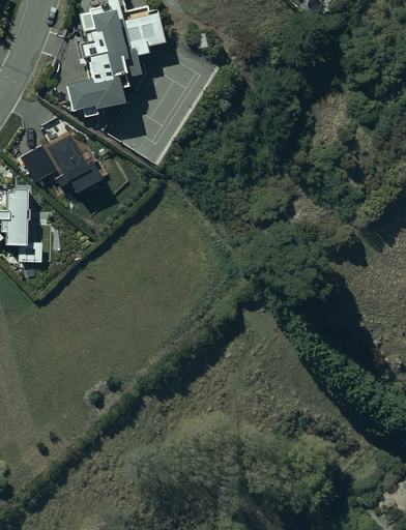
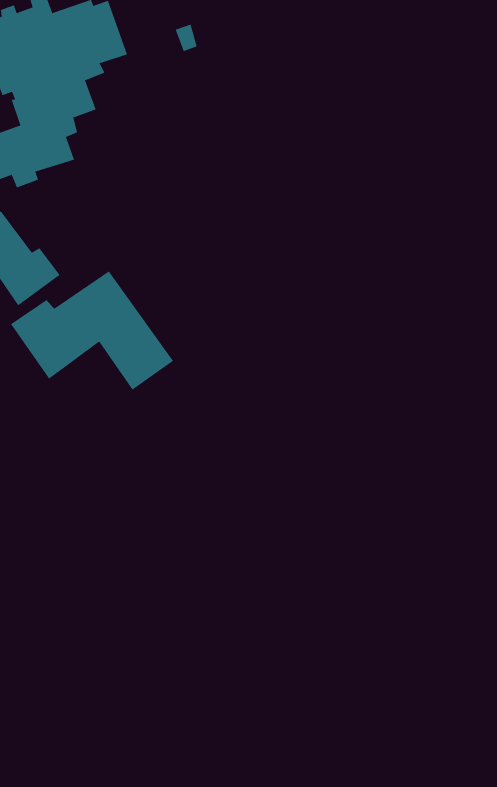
building: none -> [10,271,174,391]

